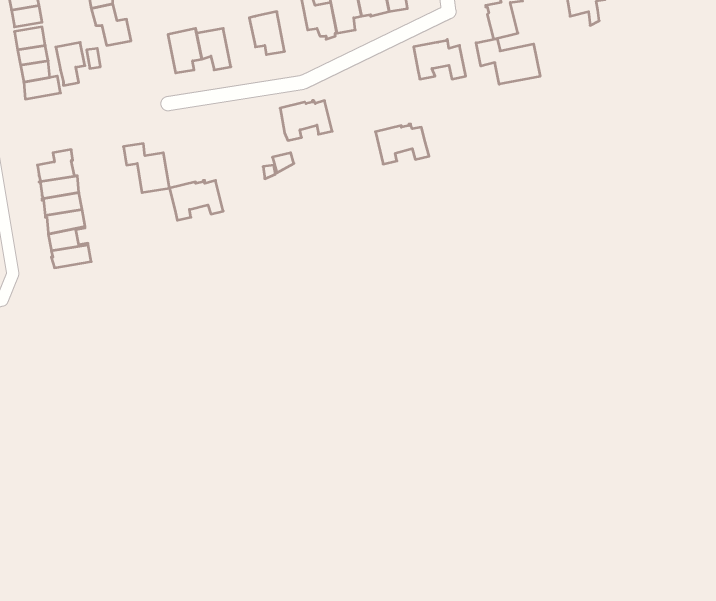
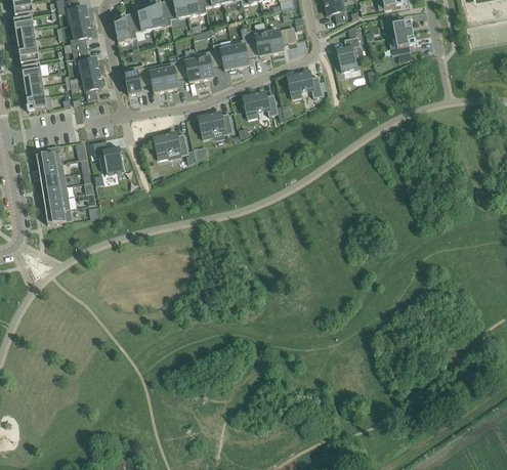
building: none -> [197,50,217,80]
building: none -> [161,57,182,90]
building: [476,38,540,84] -> none
building: [56,42,85,85] -> [83,73,102,101]
building: [375,124,429,164] -> [243,92,279,119]
building: [170,180,223,220] -> [154,133,189,160]

